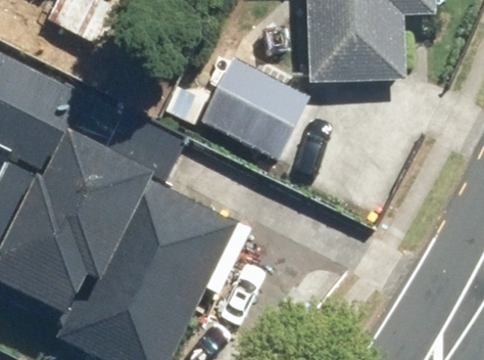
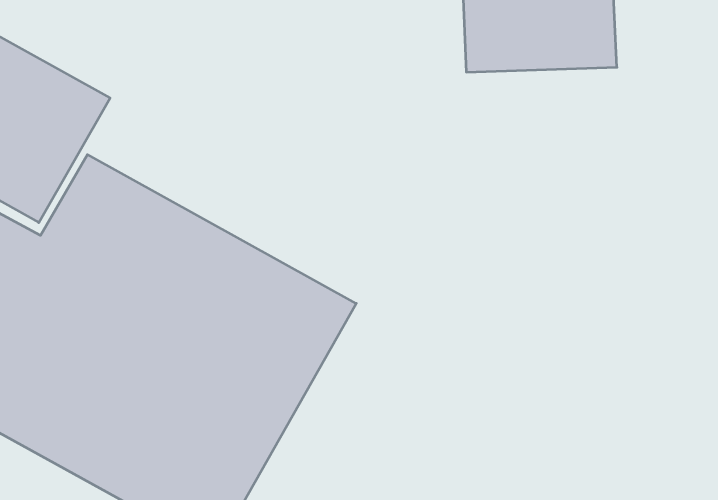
building: [188,51,308,159] -> none

